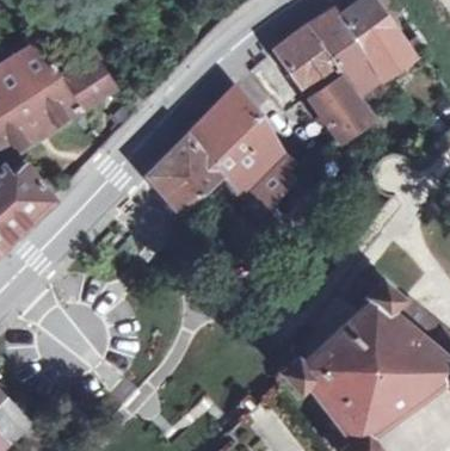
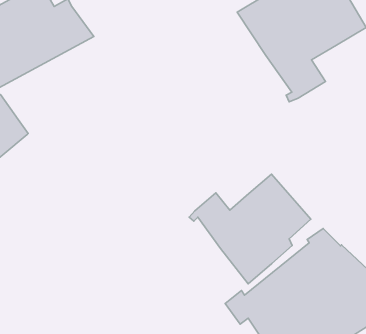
building: [152,87,298,221] -> none
building: none -> [189,174,311,284]

